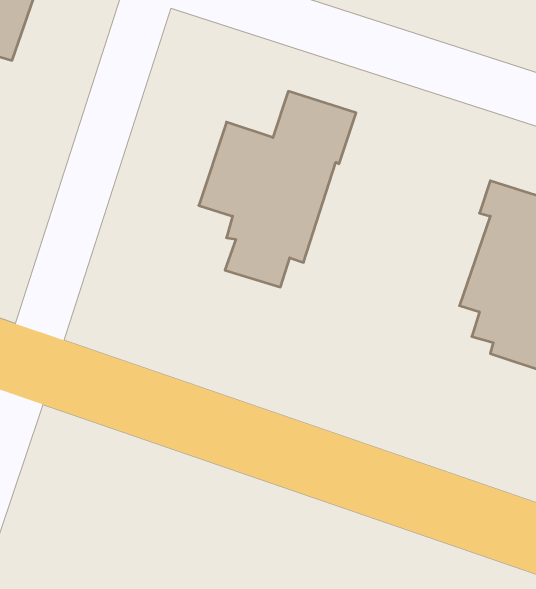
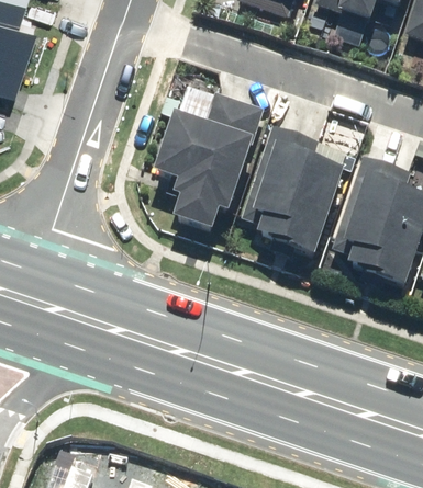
building: none -> [246,125,347,258]

